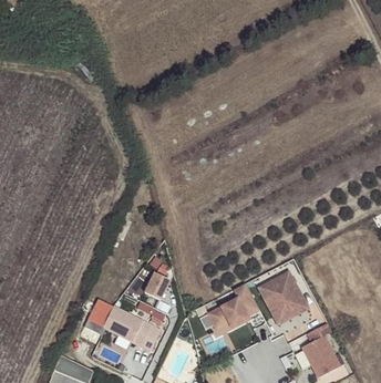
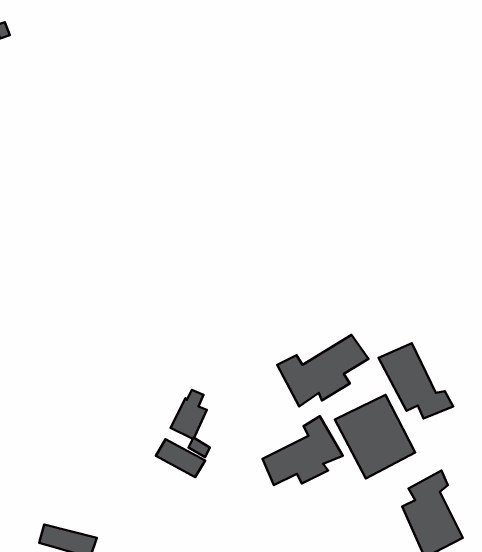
building: none -> [277,335,369,406]
building: none -> [379,343,453,418]
building: [83,298,161,351] -> none

